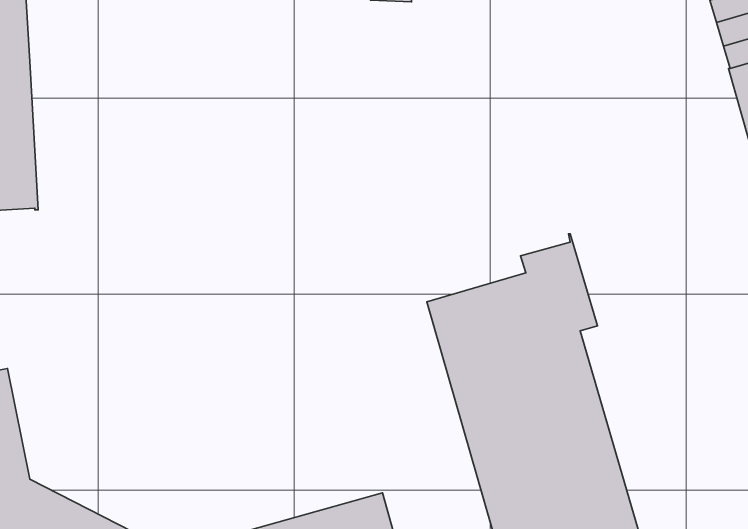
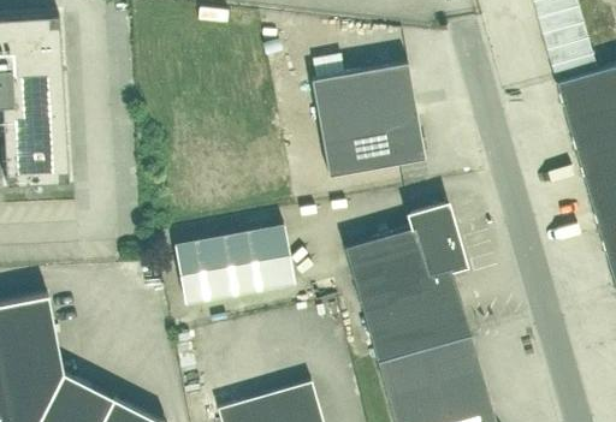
building: none -> [312,61,425,176]
building: none -> [176,225,296,302]

